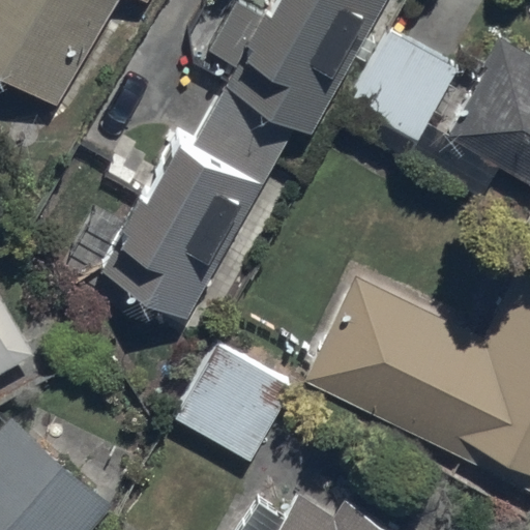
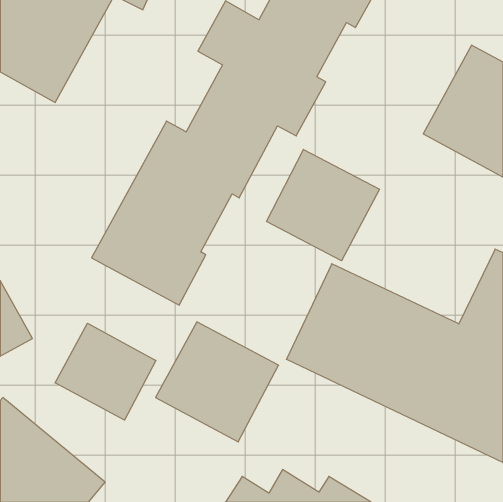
building: [345,36,459,150] -> none
building: none -> [267,149,379,261]
building: none -> [55,323,156,420]

